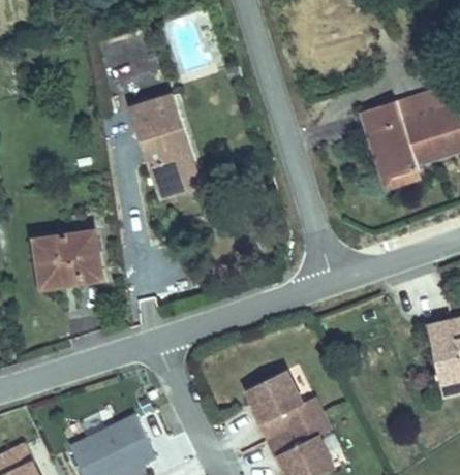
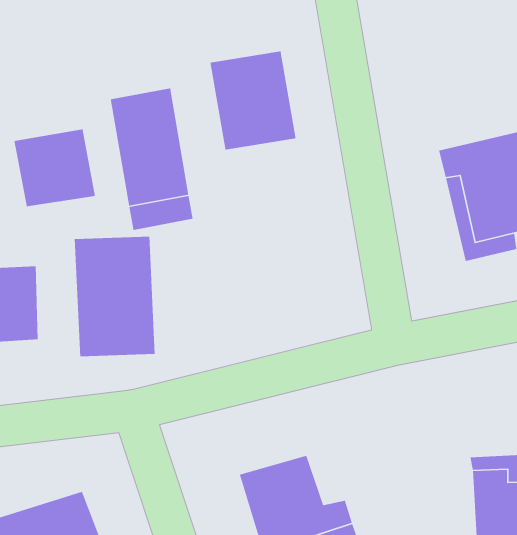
building: none -> [209,50,296,150]
building: none -> [14,128,96,207]
building: none -> [74,236,156,357]

